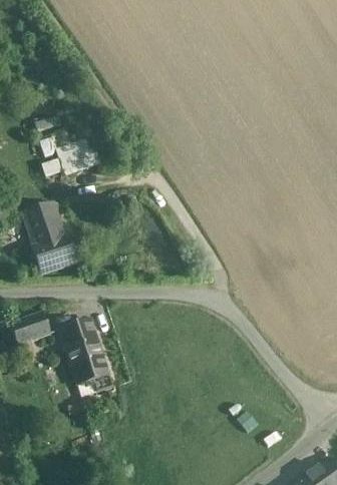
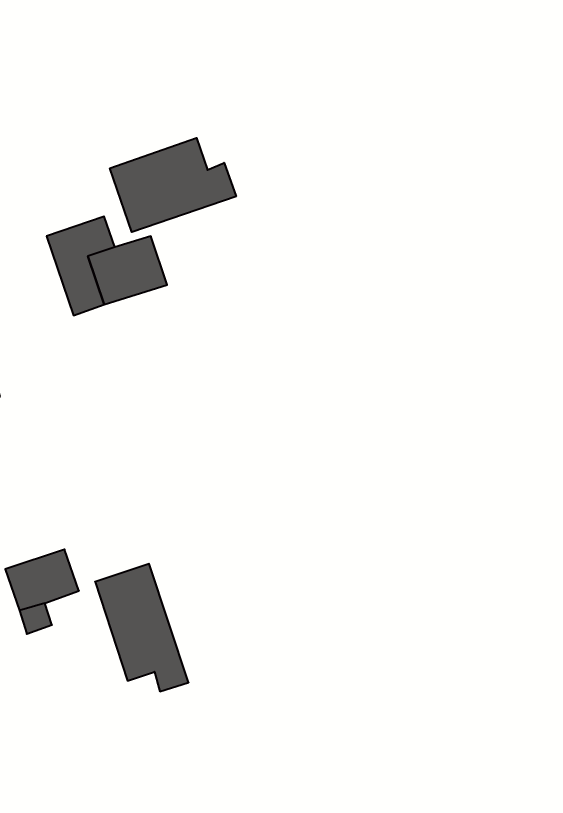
building: none -> [110,138,236,232]
building: [21,200,76,272] -> none

